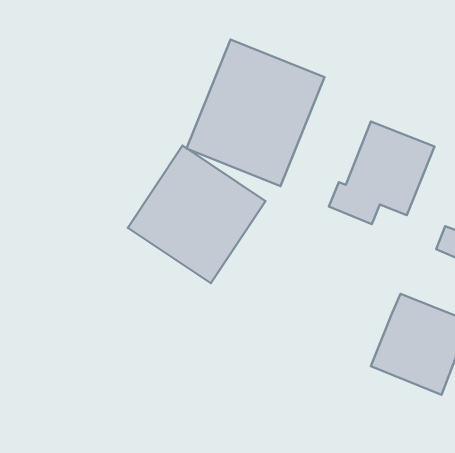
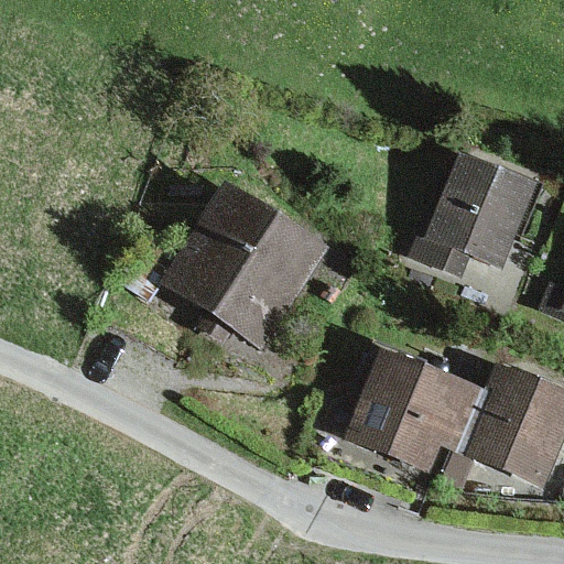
building: [186,39,325,186] -> none
building: none -> [345,347,485,473]

